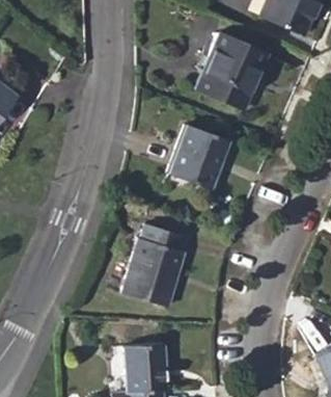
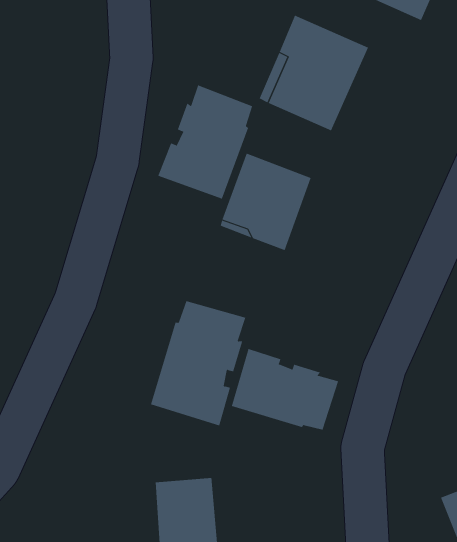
building: none -> [158,84,253,199]
building: none -> [231,348,339,431]

